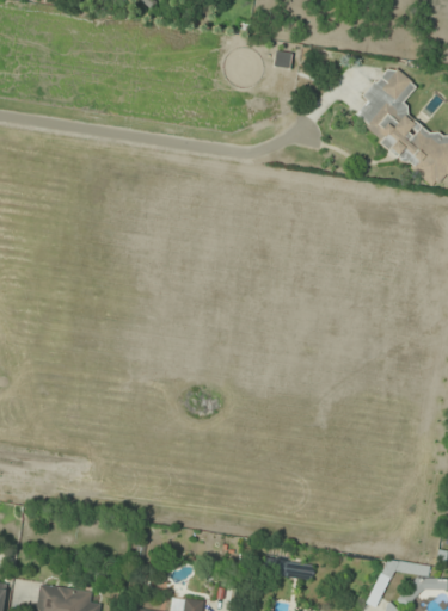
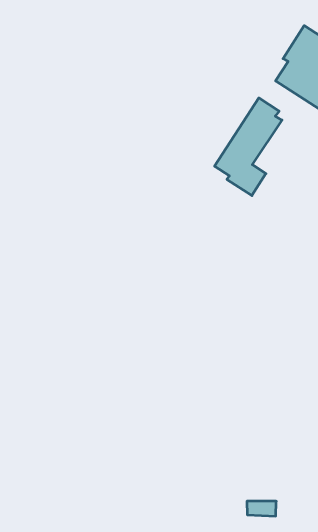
building: none -> [215,98,282,196]

